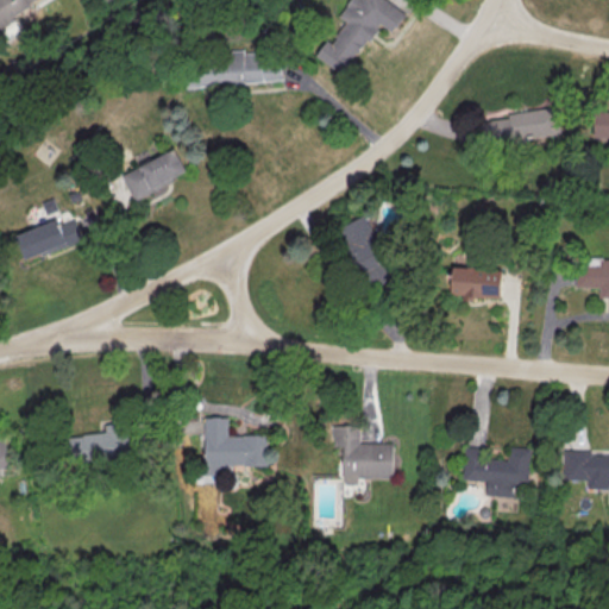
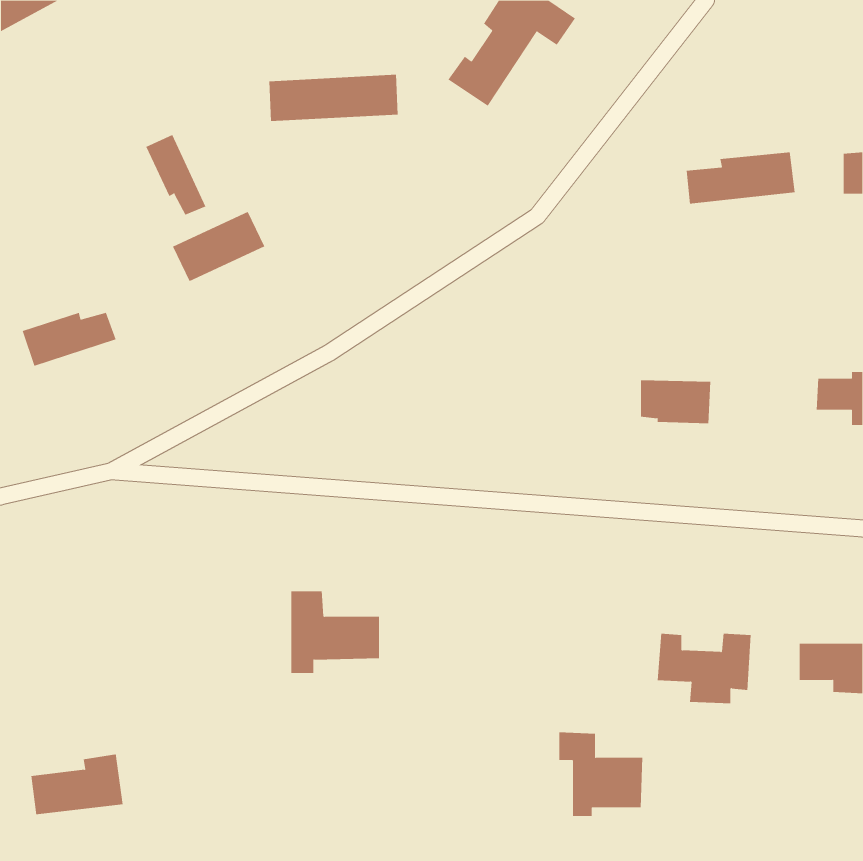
building: none -> [146,134,206,215]
building: [337,215,393,287] -> none
building: [68,422,133,465] -> [31,754,123,815]
building: [333,426,393,485] -> [559,732,643,816]

